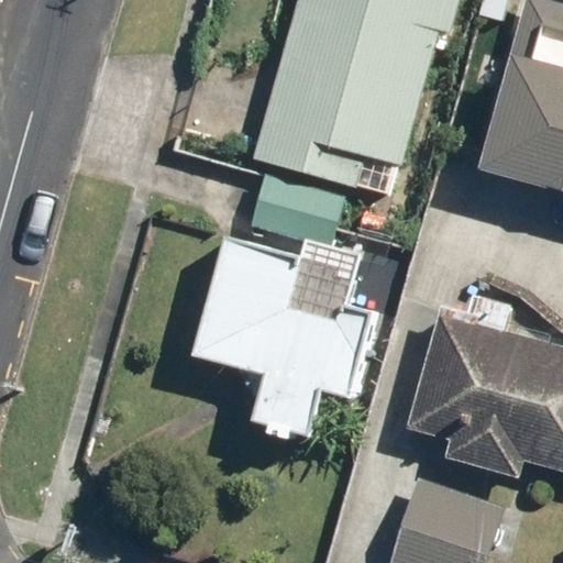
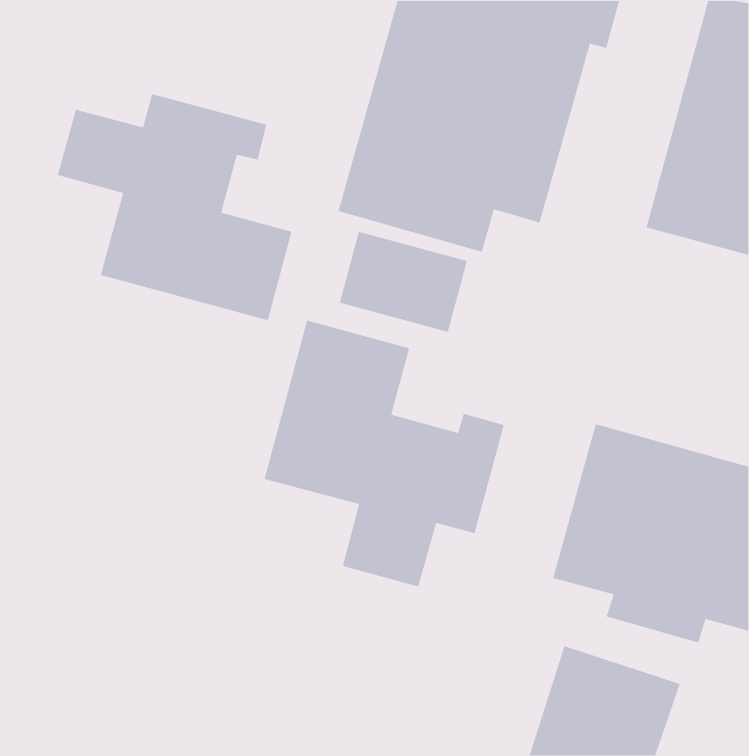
building: none -> [57,93,293,321]

